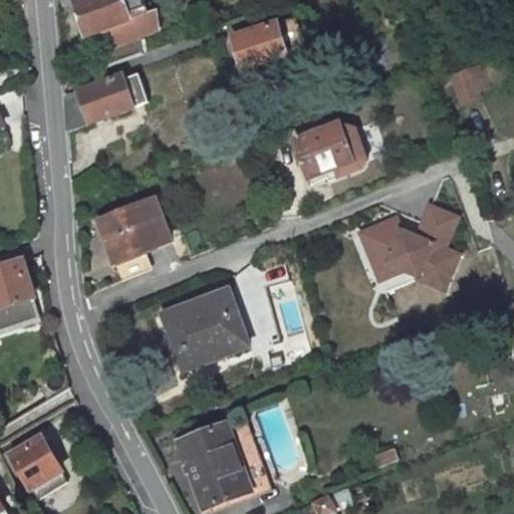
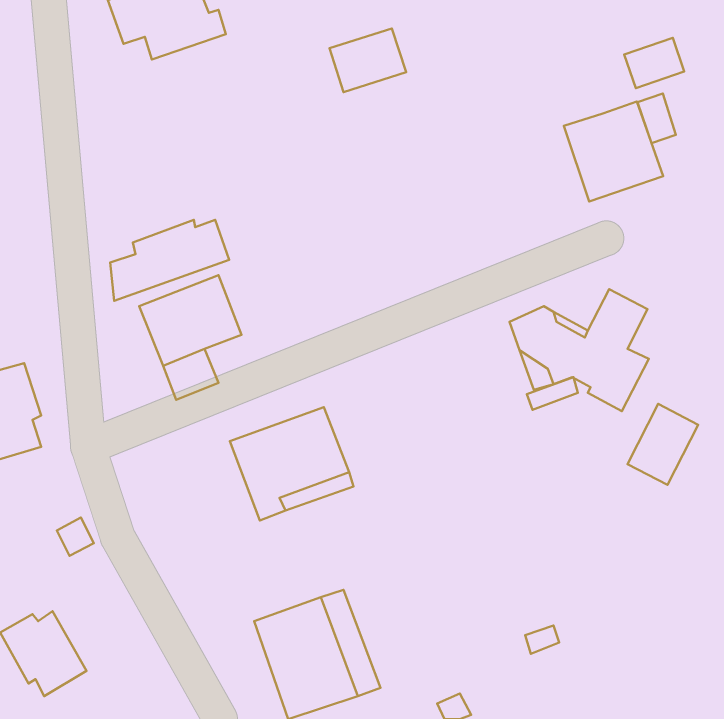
building: none -> [624,38,684,88]
building: [63,71,148,128] -> [110,220,229,301]
building: none -> [564,102,663,202]
building: [294,121,353,180] -> none
building: none -> [627,404,698,485]

